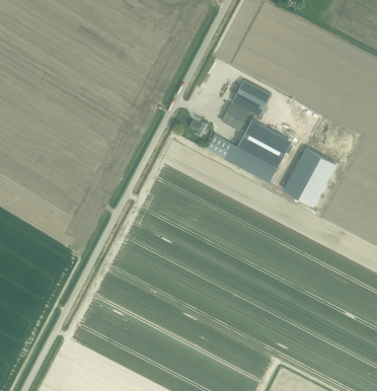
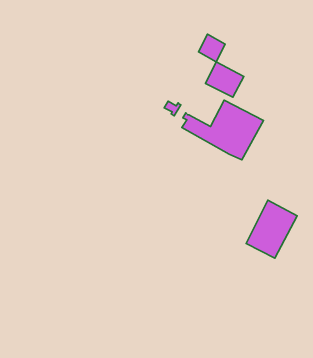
building: [221,103,248,132] -> [199,34,225,62]
building: [285,144,337,204] -> [246,200,297,258]

